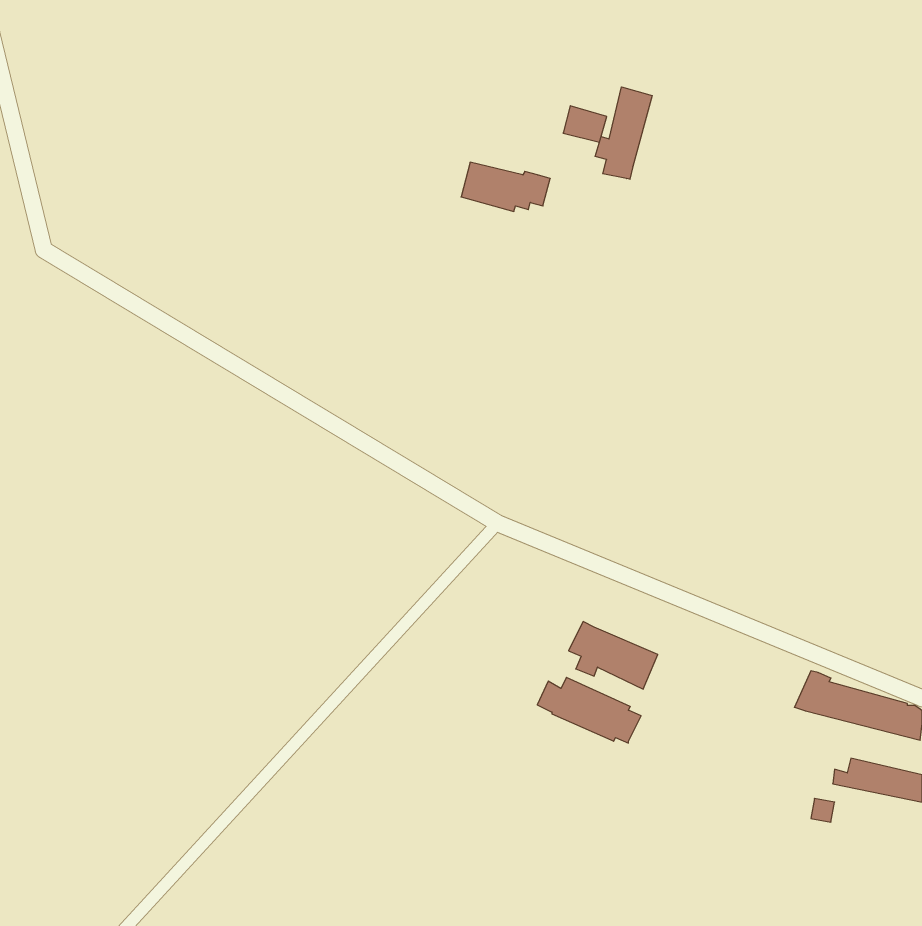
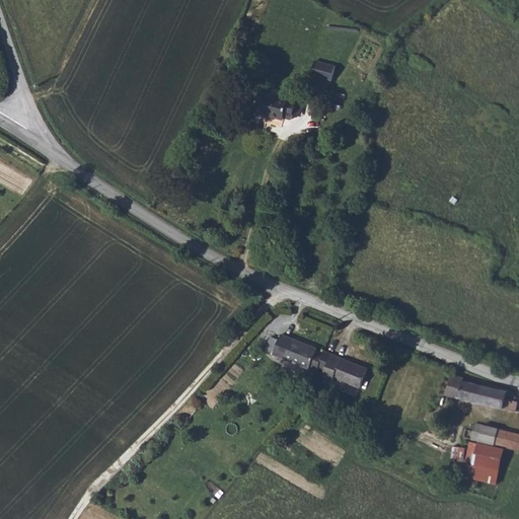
building: [595,87,652,179] -> none
building: [537,677,641,743] -> [266,329,323,366]
building: none -> [462,443,503,485]

